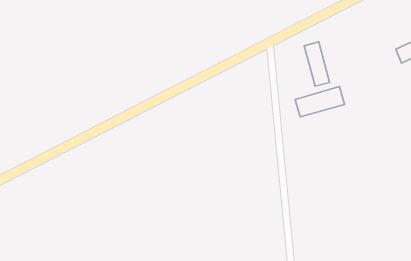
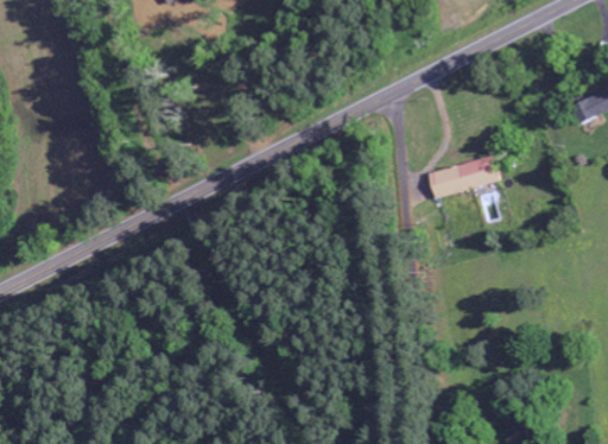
building: [304,42,329,86] -> none

